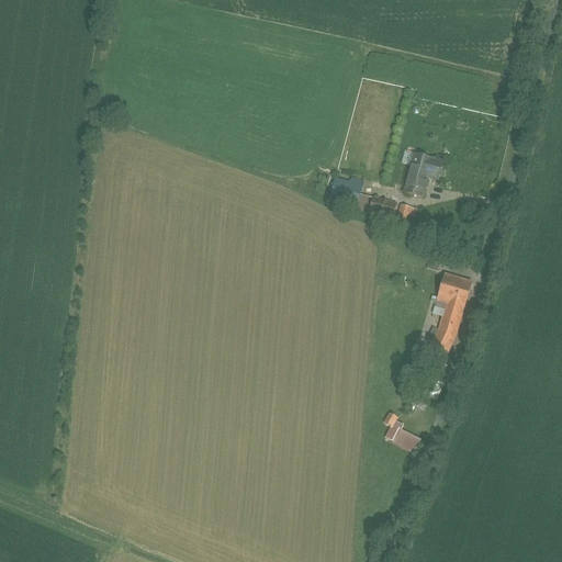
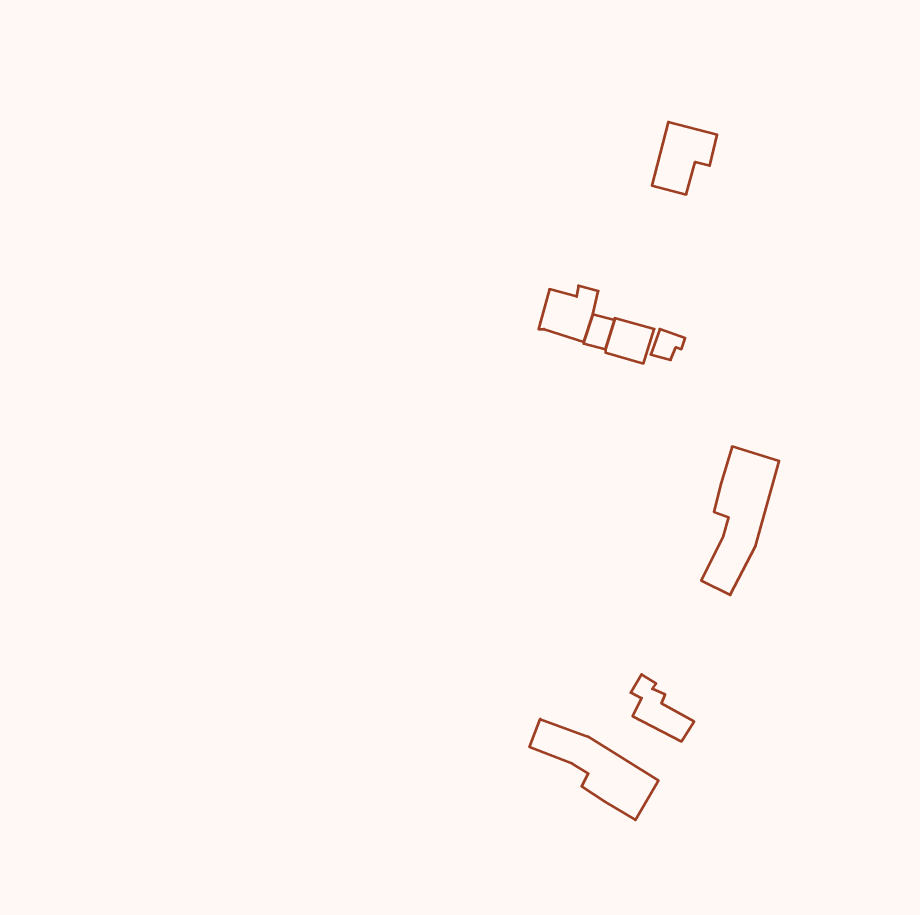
building: [403,149,442,193] -> [652,122,717,194]
building: none -> [530,719,658,820]

